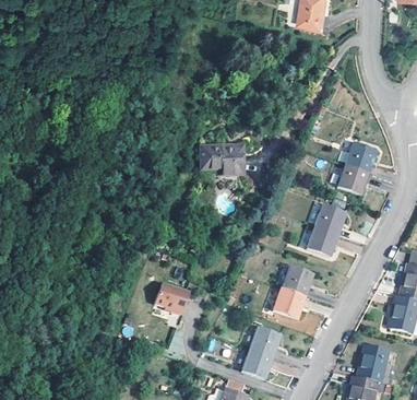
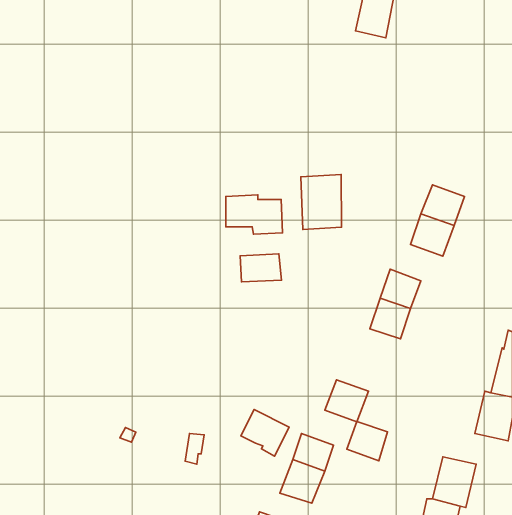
building: none -> [301,175,342,230]
building: none -> [240,254,282,282]
building: [284,266,314,295] -> [347,422,388,461]
building: [154,280,190,315] -> [241,410,289,456]

